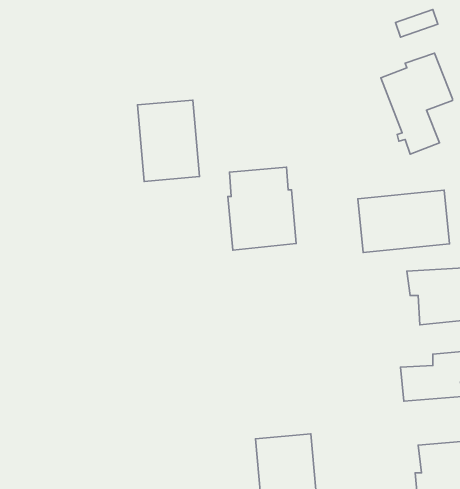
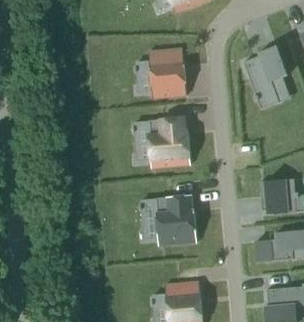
building: [138,100,199,181] -> [148,47,186,98]
building: [358,190,449,252] -> none
building: none -> [155,194,196,245]

